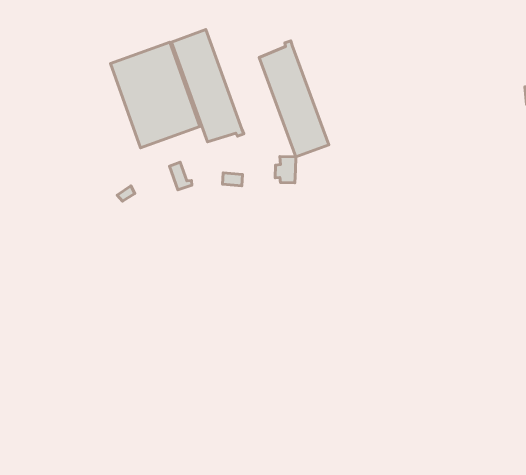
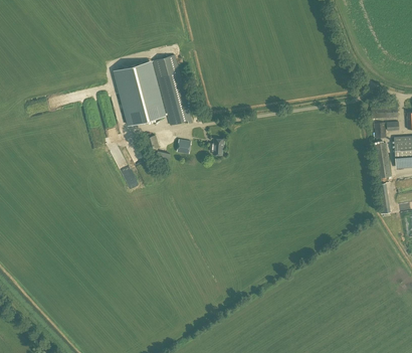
building: [259,41,329,157] -> none

